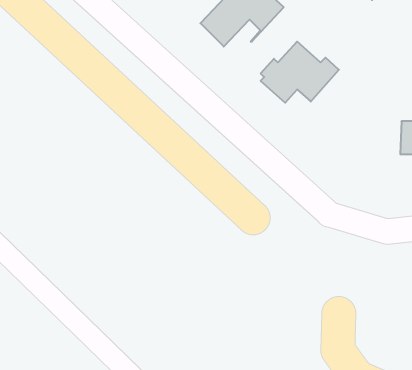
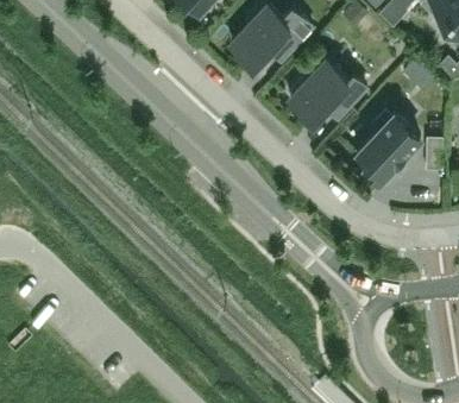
building: none -> [357,113,421,182]

